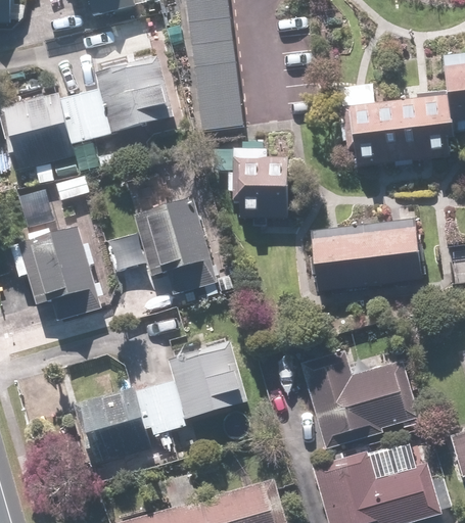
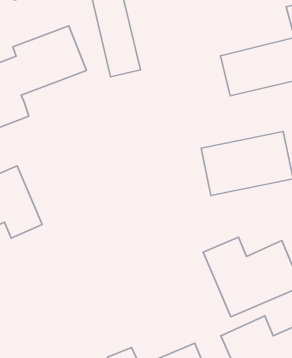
building: [237,161,289,216] -> none
building: [133,197,217,294] -> none
building: [71,344,246,468] -> none

